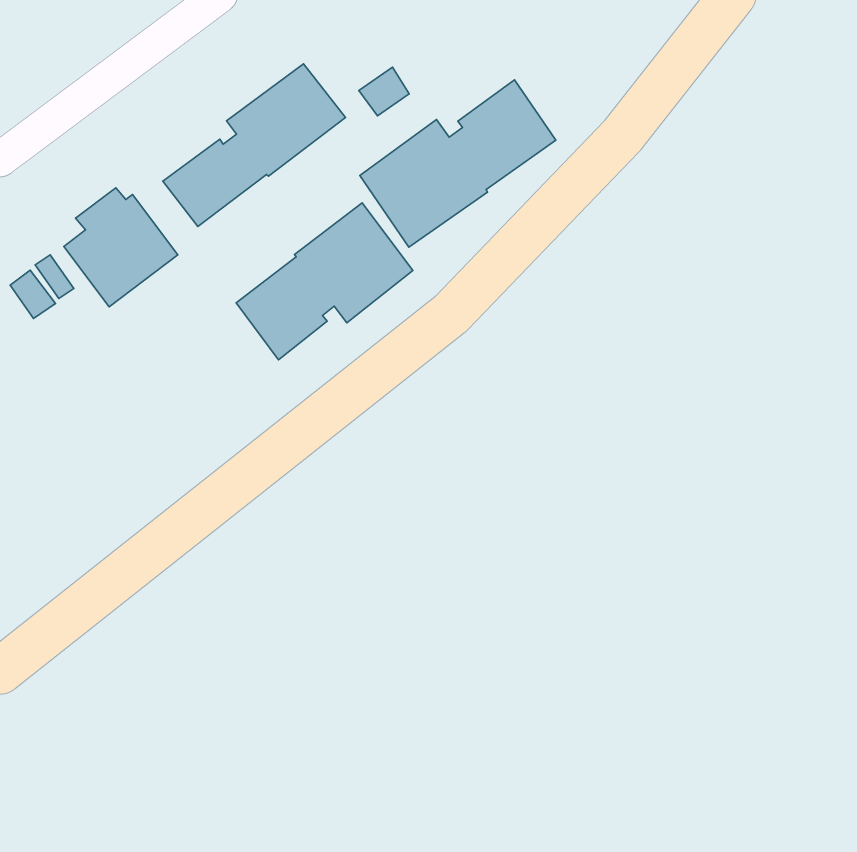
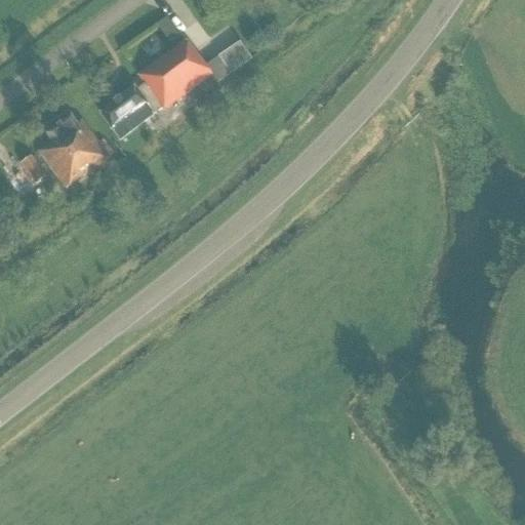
building: [360,80,556,247] -> none
building: [236,203,413,360] -> none

